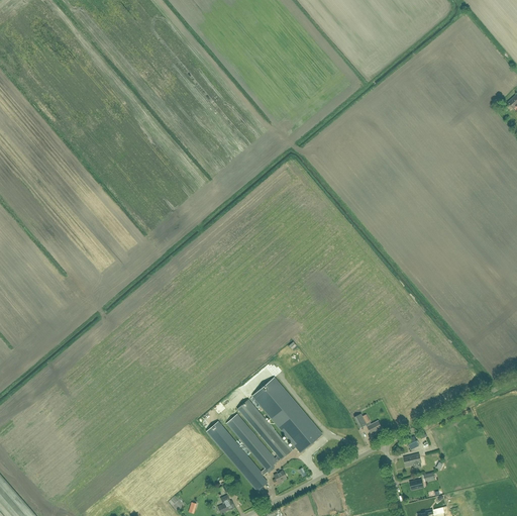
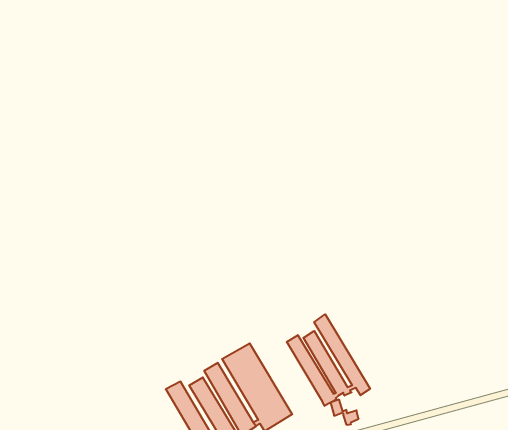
building: none -> [287,314,370,406]

